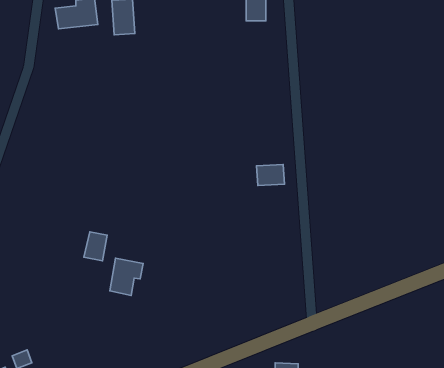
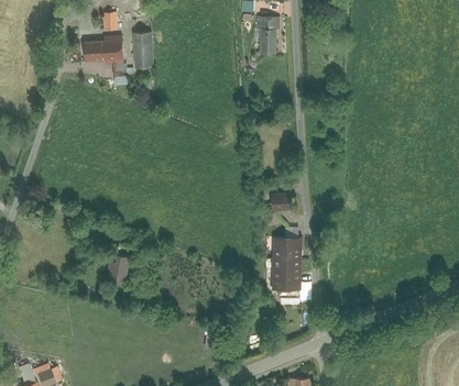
building: none -> [274,238,300,291]
building: [110,258,143,296] -> none

